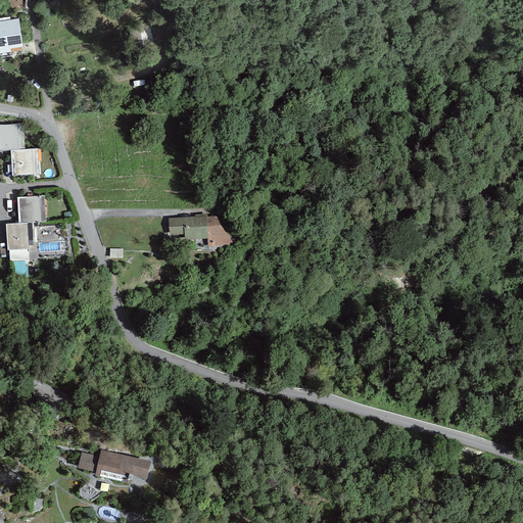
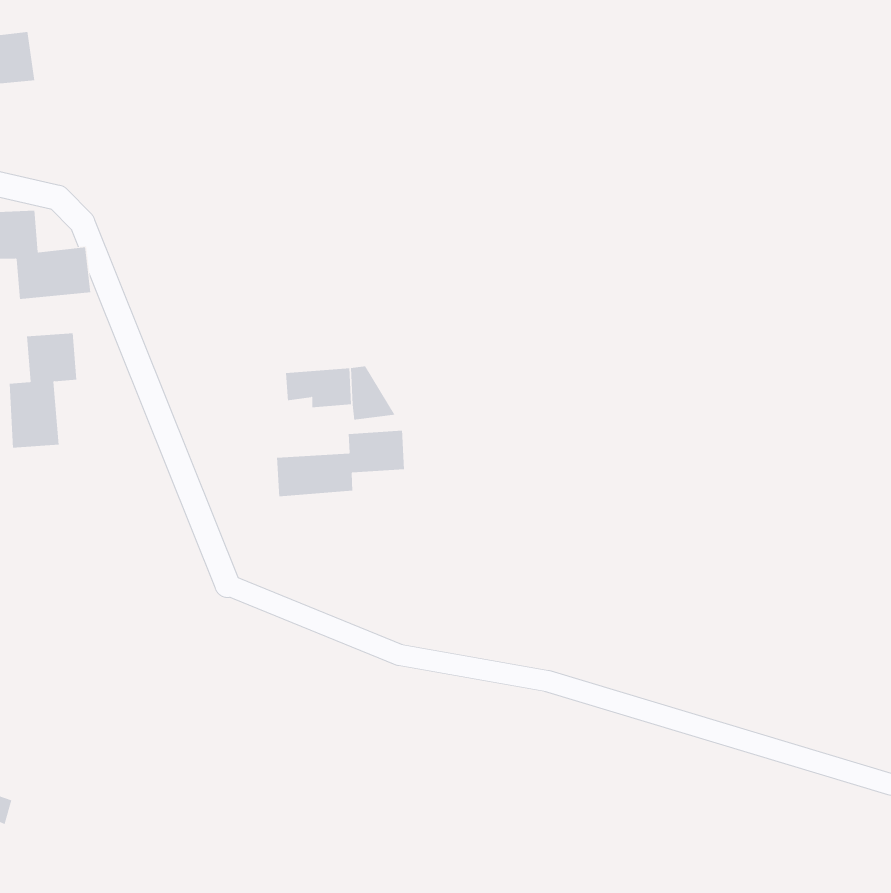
building: none -> [277,430,405,497]
building: [77,449,147,481] -> none

